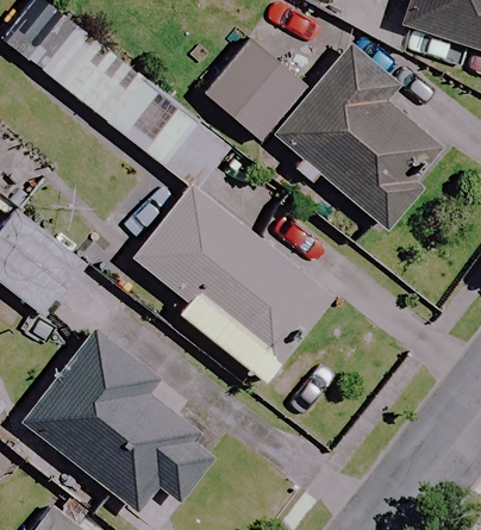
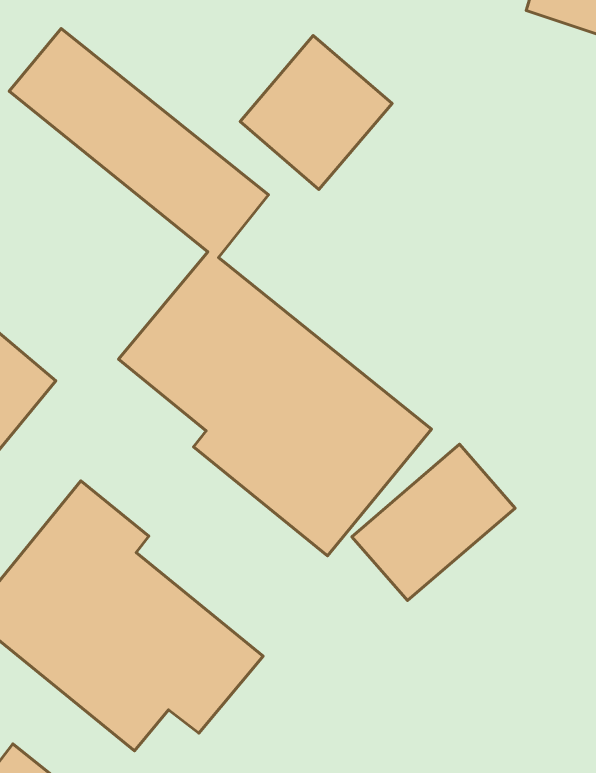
building: [275,46,429,232] -> none
building: none -> [352,444,515,600]

